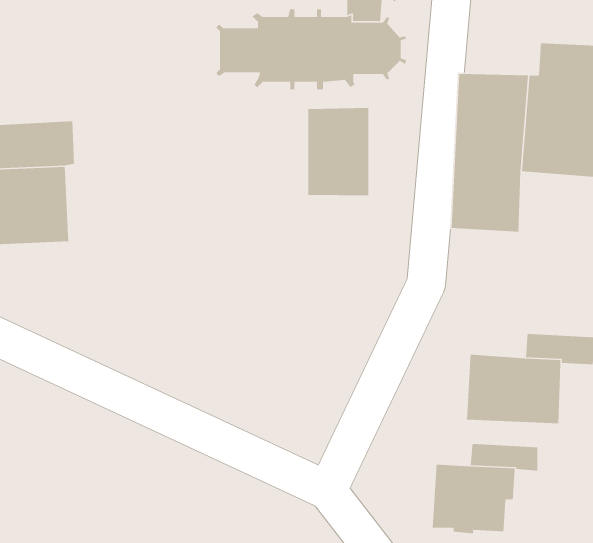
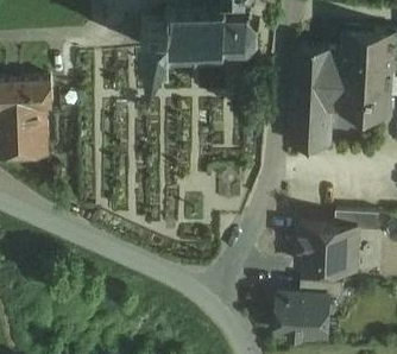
building: [307,107,369,196] -> none

